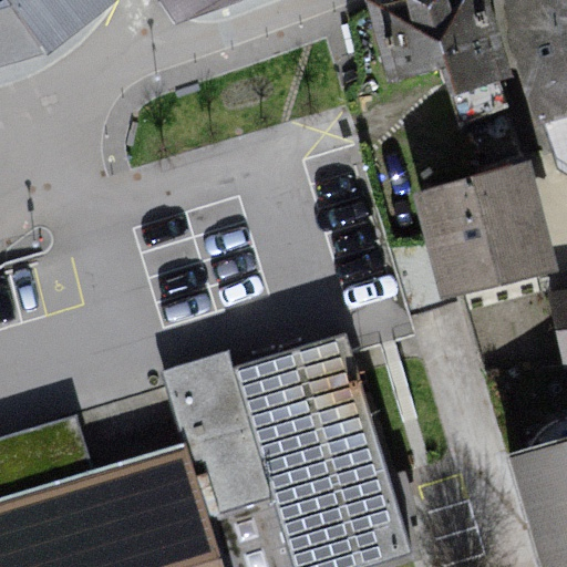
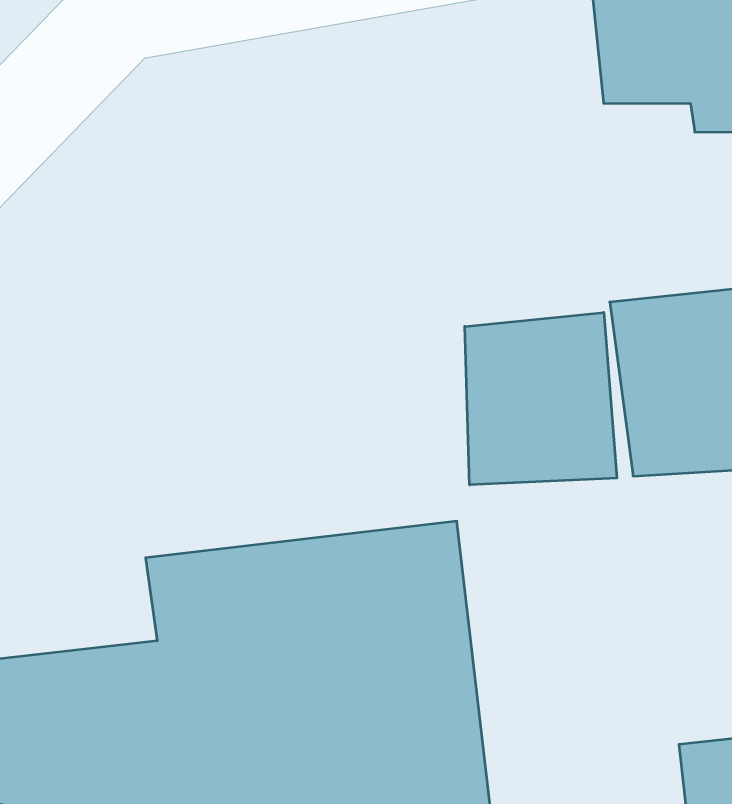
building: none -> [465,312,617,485]

